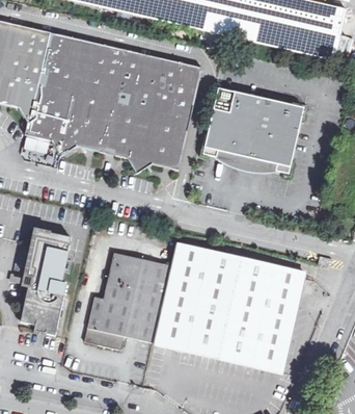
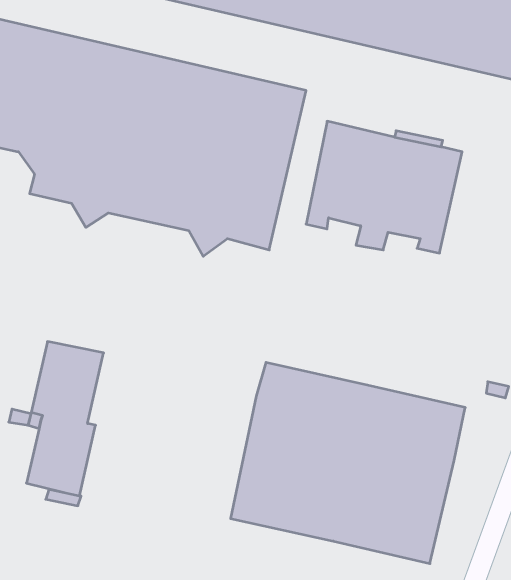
building: [84,252,169,350] -> none

